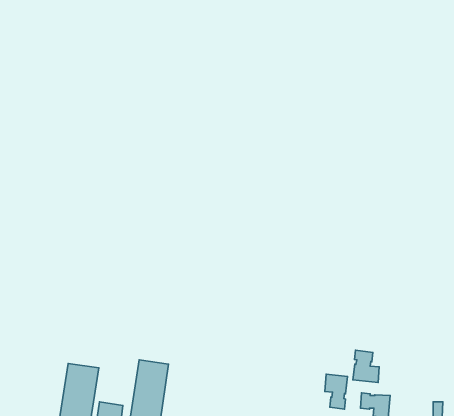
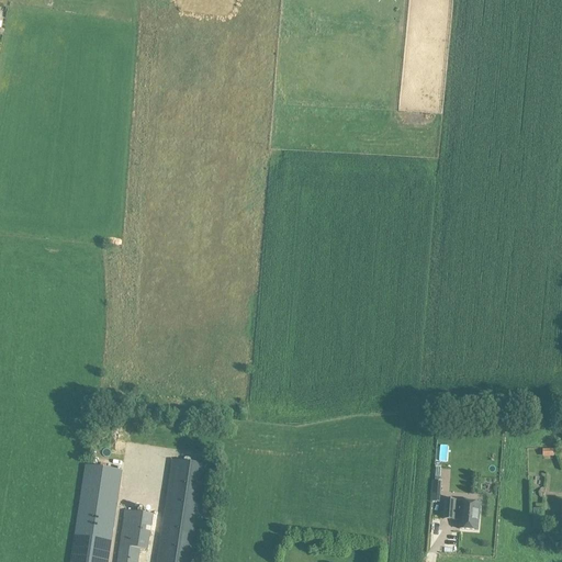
building: [353,350,379,382] -> none
building: [325,374,348,409] -> none

